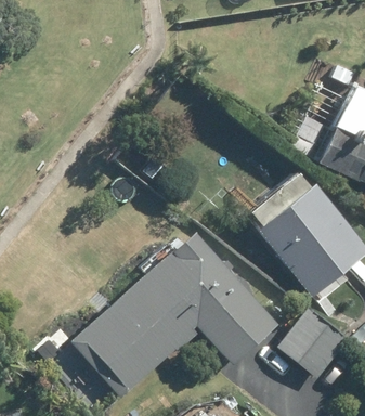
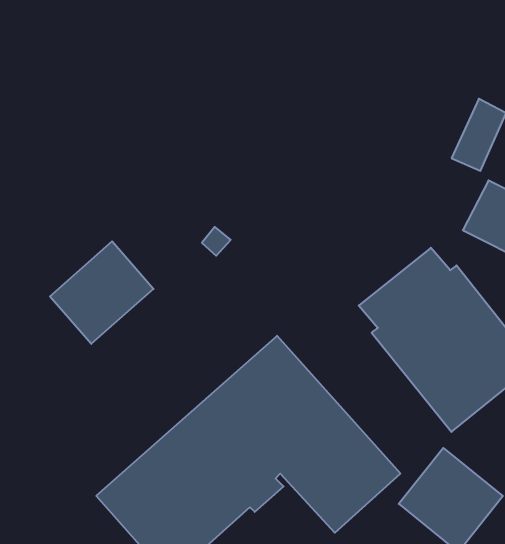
building: none -> [50,241,154,344]

